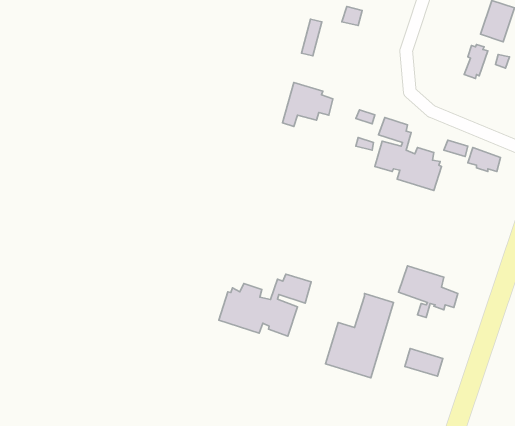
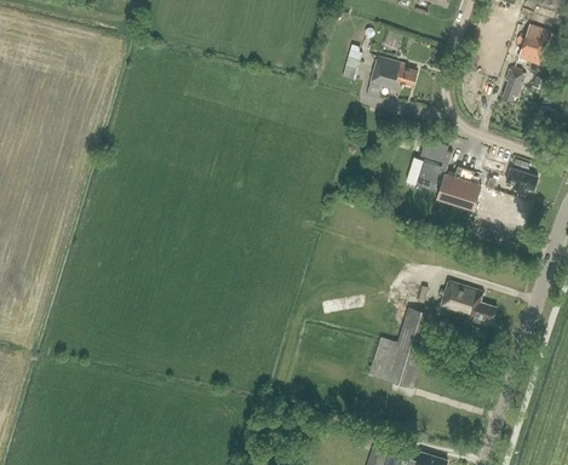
building: [282,82,333,126] -> [367,56,415,98]
building: [219,274,311,336] -> none
building: [405,348,443,376] -> none

